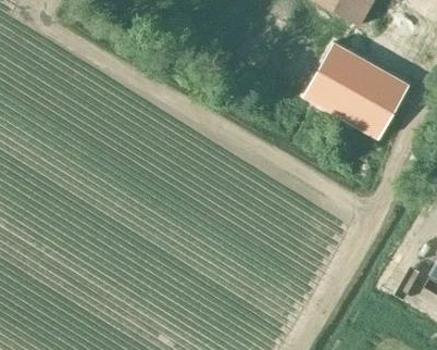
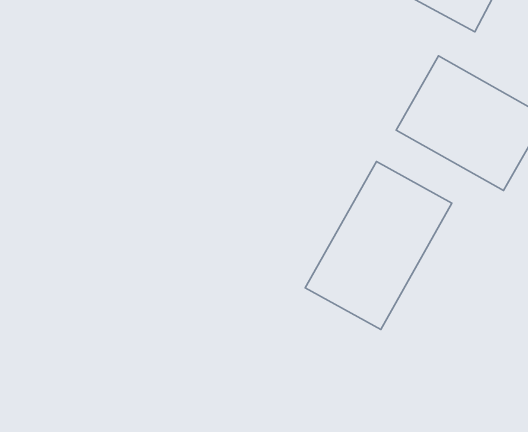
building: none -> [305,161,452,330]

